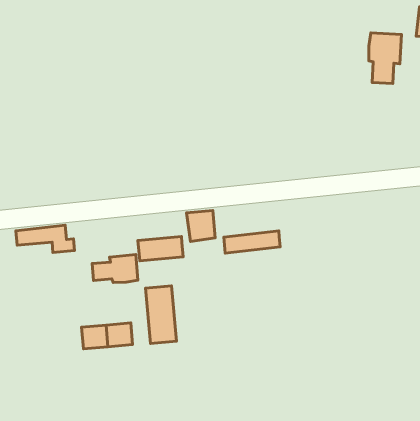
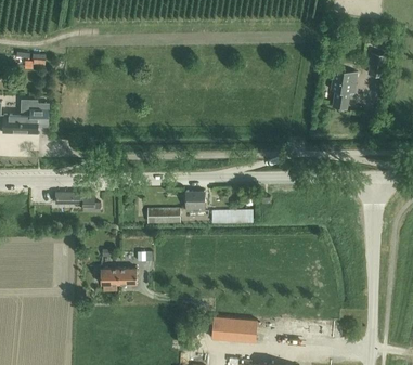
building: [92,255,138,283] -> none
building: [146,286,176,344] -> none
building: none -> [211,315,258,341]

